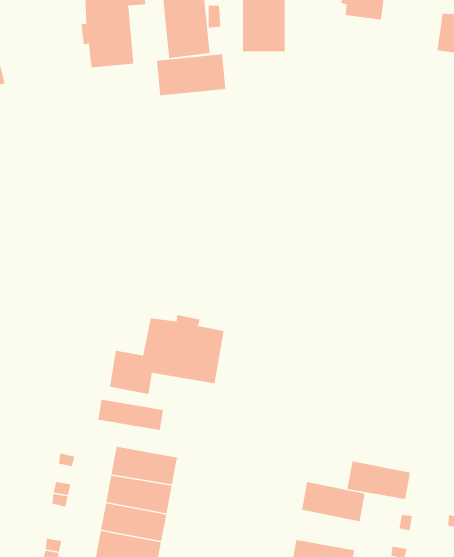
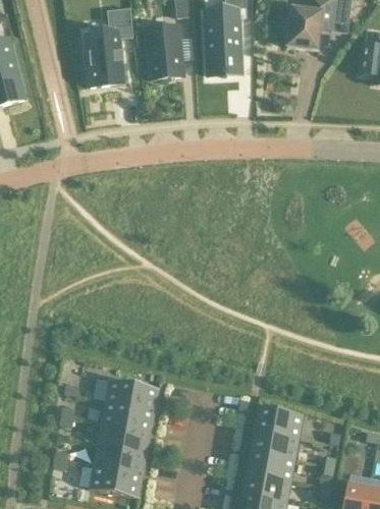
building: [156,53,226,96] -> none
building: [109,314,224,395] -> none
building: [98,399,164,431] -> none
building: [347,460,411,500] -> [250,428,300,458]

